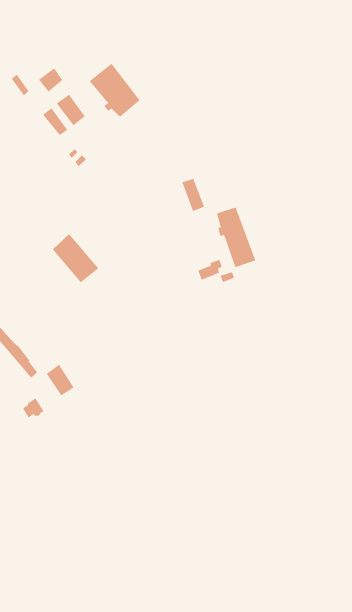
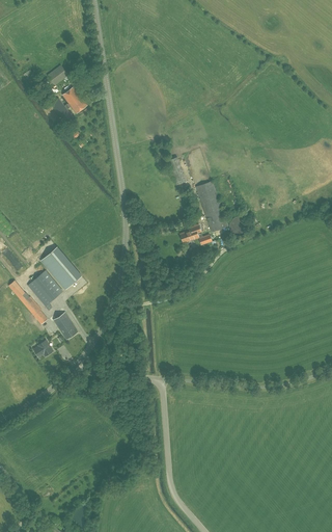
building: [89,63,141,118] -> none
building: [52,233,99,283] -> [42,247,81,289]
building: none -> [28,273,60,311]

